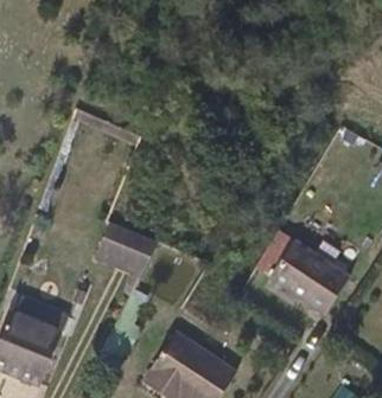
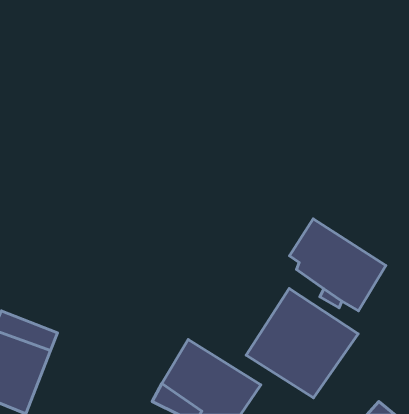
building: [87,227,155,285] -> none
building: none -> [246,289,358,398]

